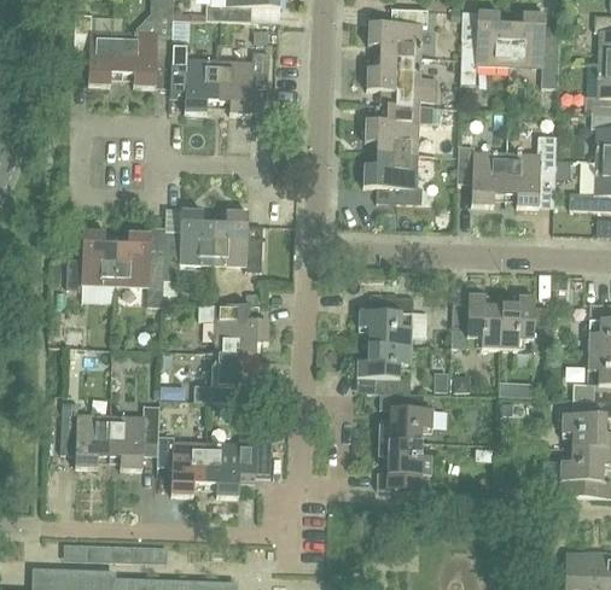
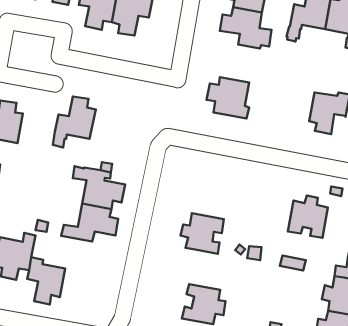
building: [365,104,432,153] -> none
building: [459,145,508,205] -> none
building: [213,210,263,270] -> none
building: [116,230,164,306] -> none
building: [452,292,502,347] -> none
building: [359,294,427,344] -> none
building: [378,391,433,440] -> none
building: [205,439,270,497] -> none

